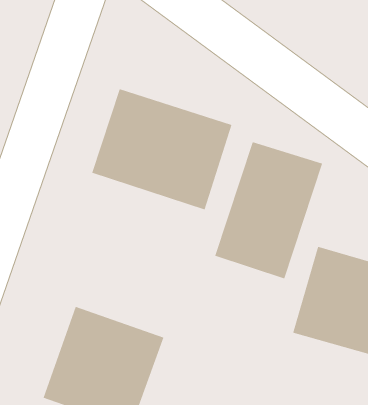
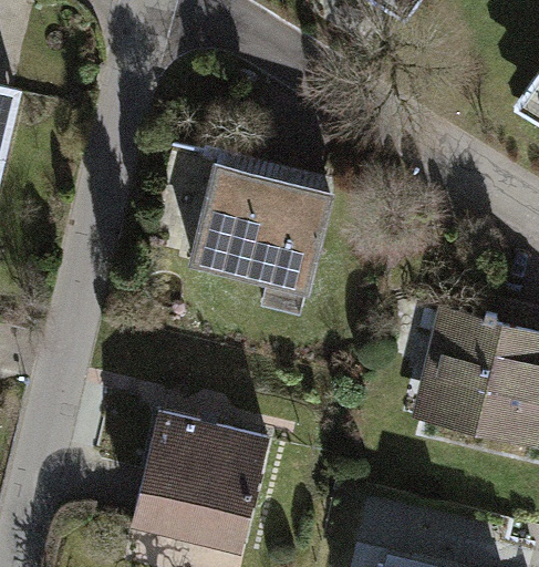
building: [214,141,323,279] -> none

